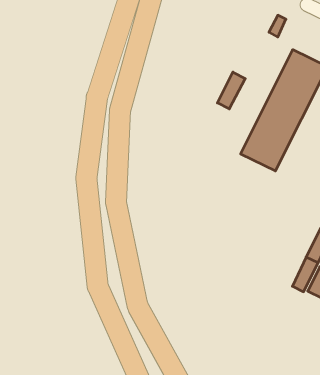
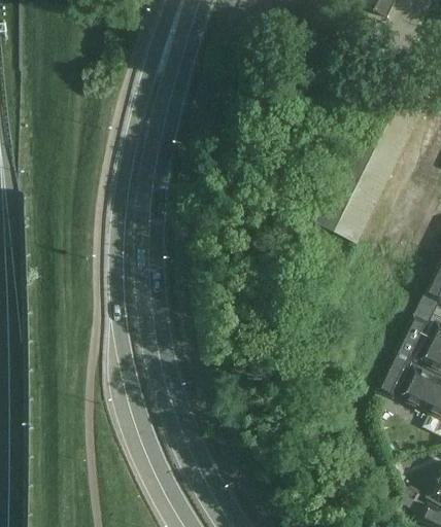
building: [217,72,245,109] -> none

